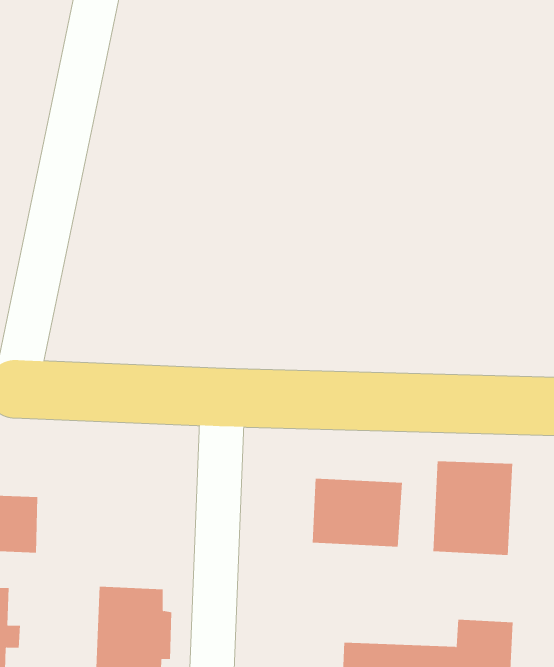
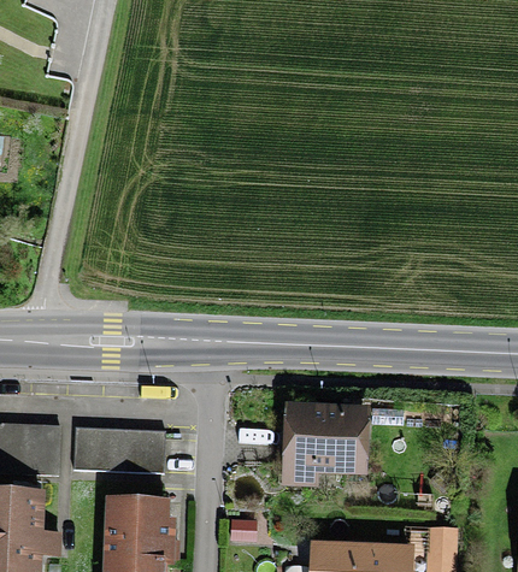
building: [433,461,513,556] -> none
building: none -> [73,425,166,472]

